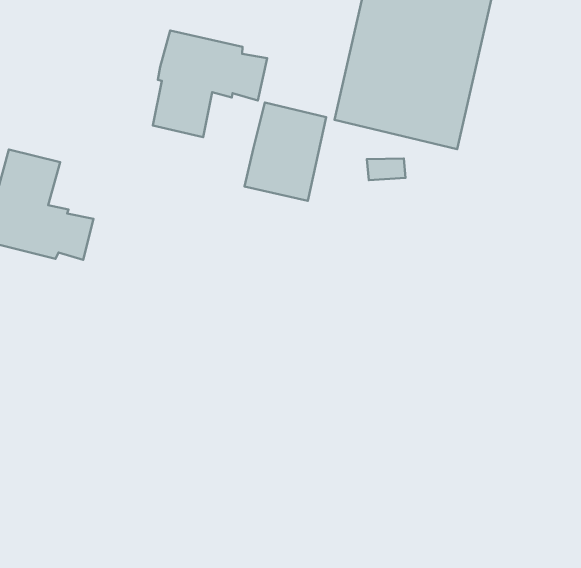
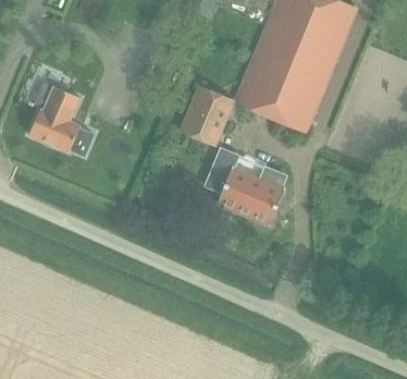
building: [153,30,267,137] -> none
building: none -> [206,148,286,224]

